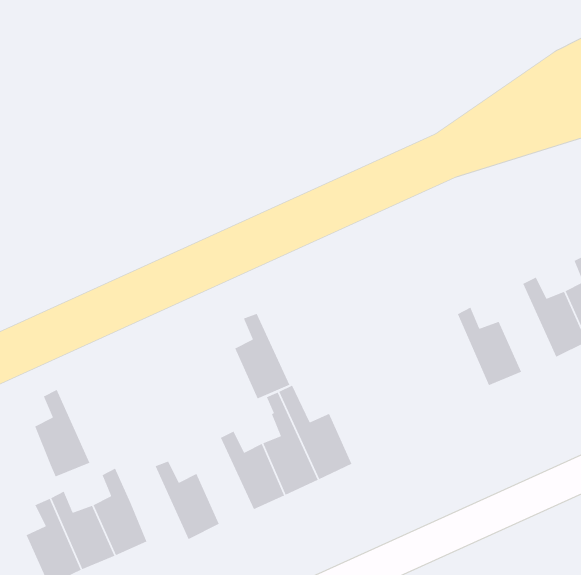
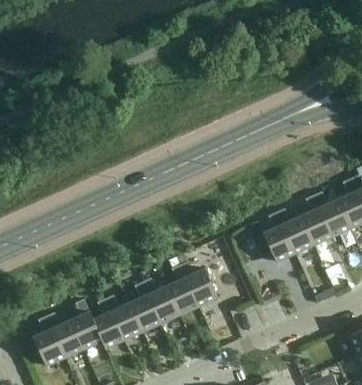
building: none -> [301,195,333,245]
building: [234,313,291,399] -> [130,282,162,331]
building: none -> [263,212,295,262]
building: [34,389,91,477] -> [93,298,125,348]

